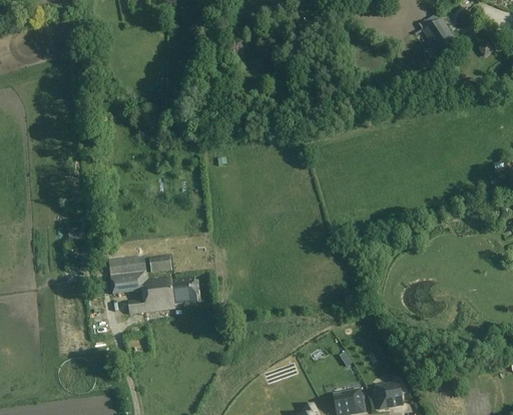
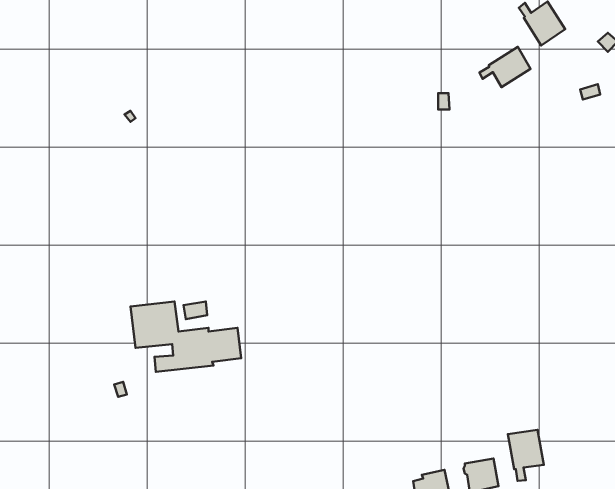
building: none -> [479,47,530,87]
building: none -> [508,430,544,481]

